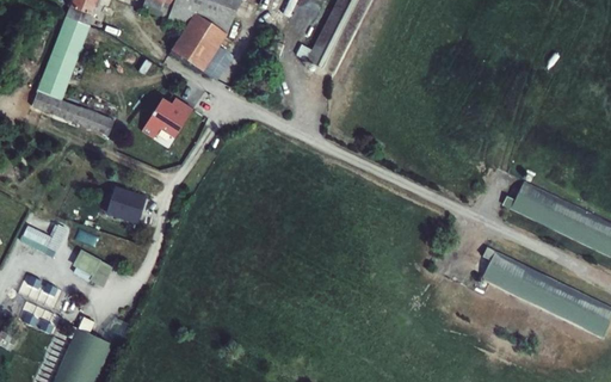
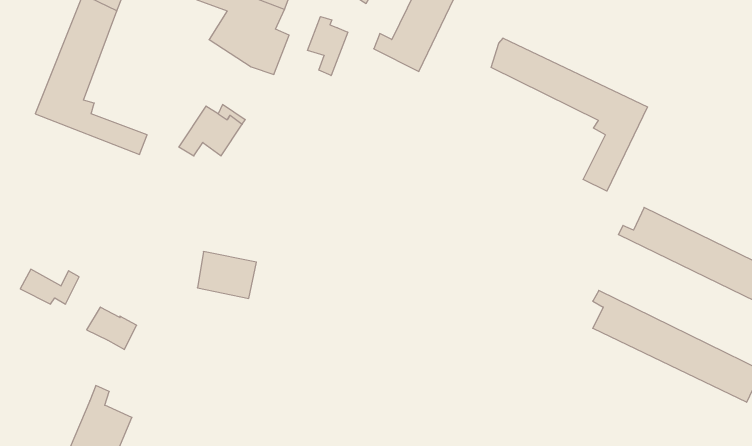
building: none -> [308,17,348,76]
building: none -> [491,38,647,191]
building: [105,189,152,226] -> [197,252,256,298]

